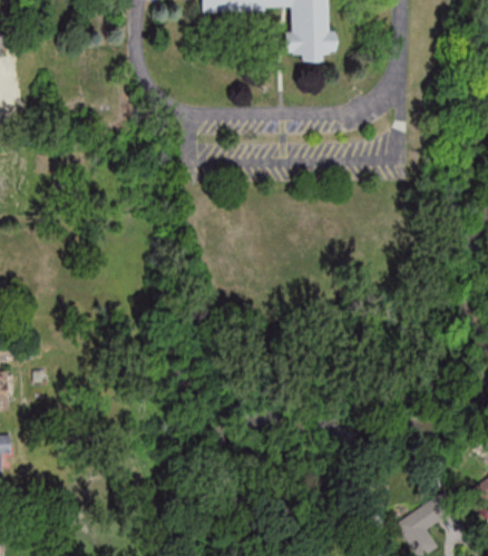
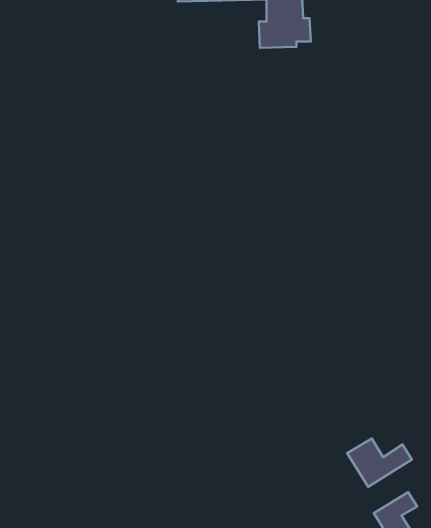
building: none -> [347,439,412,487]

